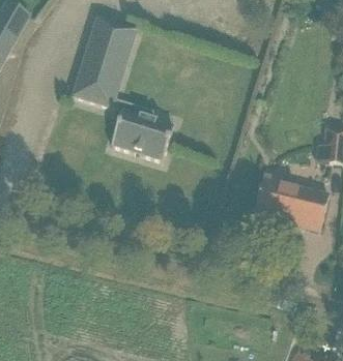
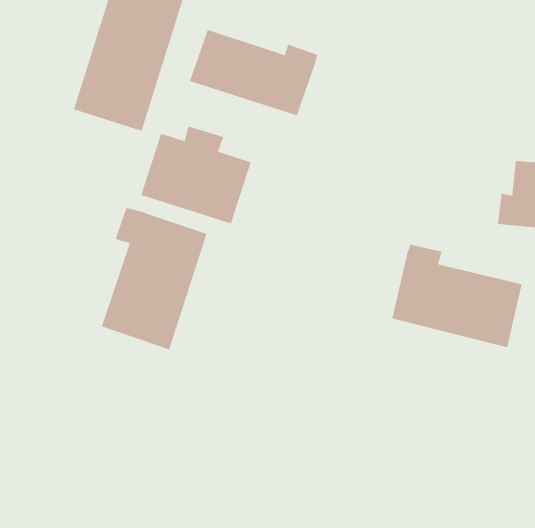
building: none -> [189,29,318,116]
building: none -> [101,207,207,350]

